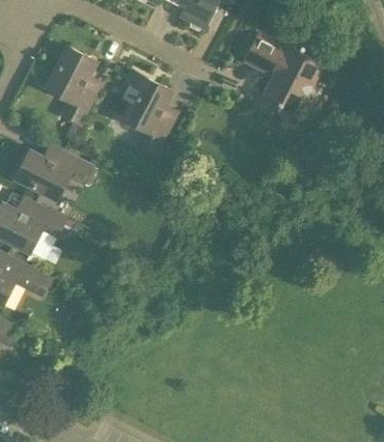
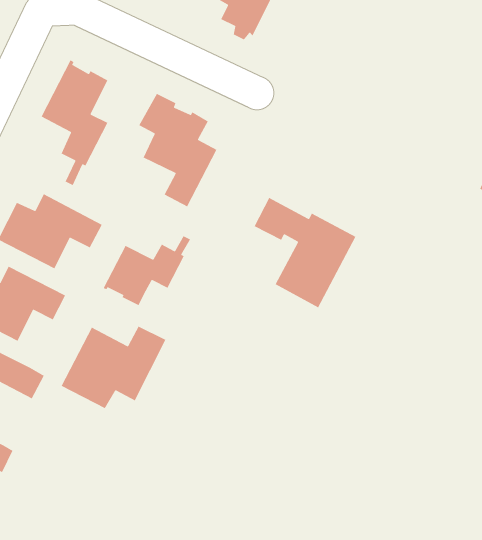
building: [246,35,322,117] -> [253,197,357,309]
building: none -> [102,235,191,306]
building: none -> [61,325,167,409]

